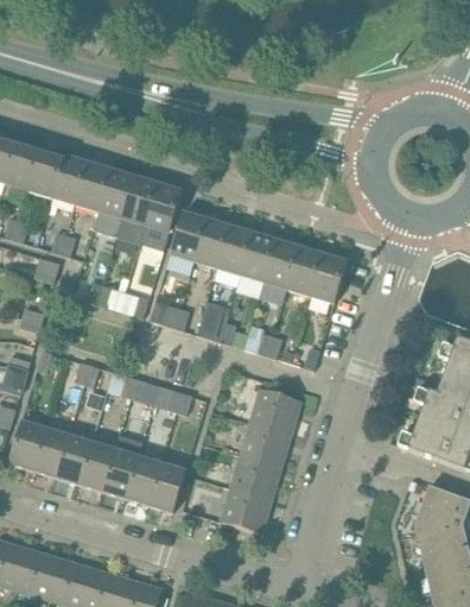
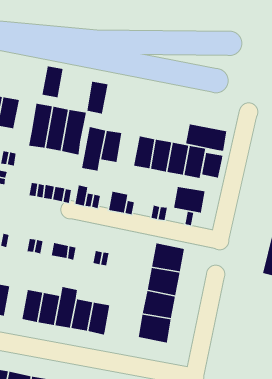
building: [75,163,110,211] -> [41,65,63,98]
building: none -> [185,124,227,151]
building: [217,226,253,276] -> [87,81,108,114]
building: none -> [201,152,223,178]
building: none -> [173,186,205,214]
building: [32,428,69,478] -> none

